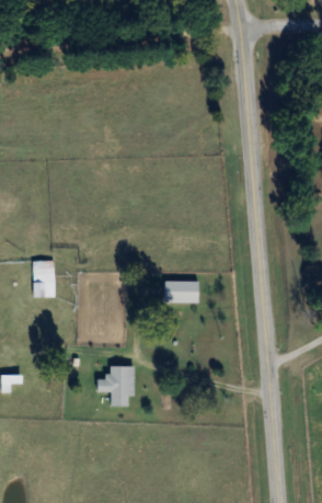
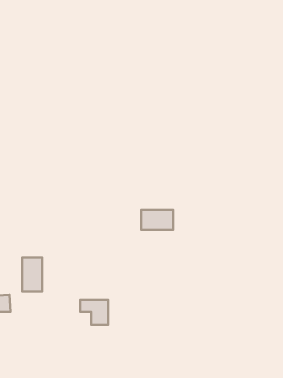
building: [34,260,56,297] -> [22,257,42,291]

